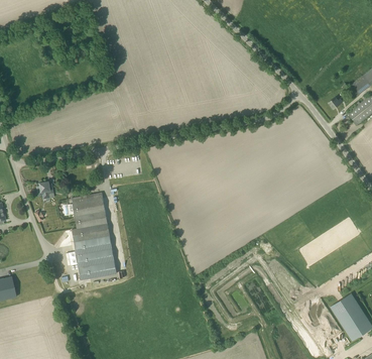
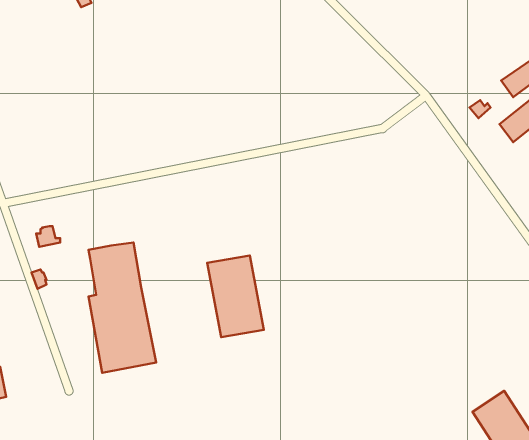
building: none -> [207,256,264,337]

